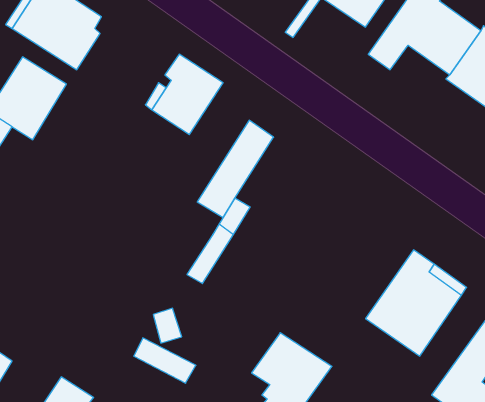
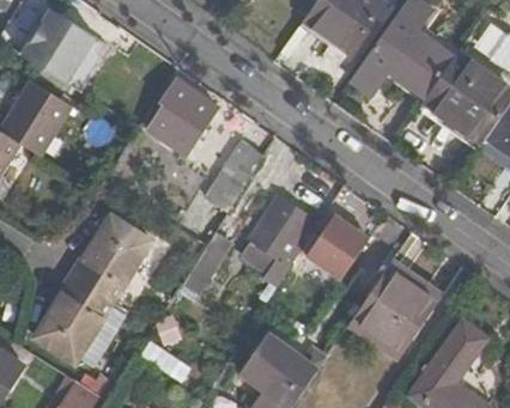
building: none -> [241,196,312,285]
building: none -> [32,213,146,354]
building: none -> [304,215,368,280]

